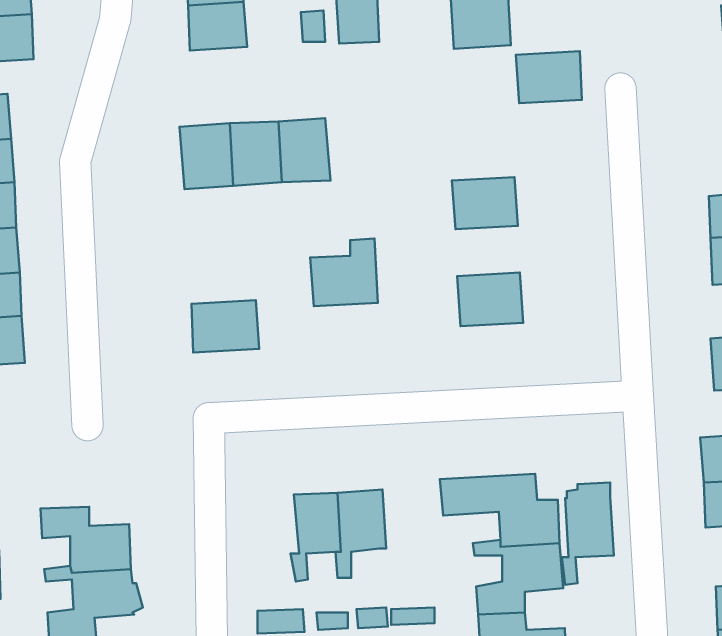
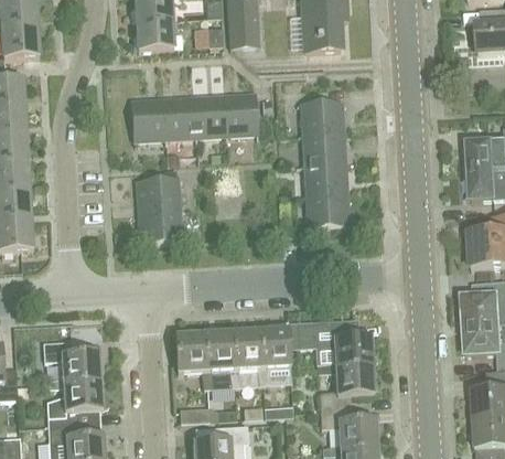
building: [516,51,582,103] -> [301,100,343,134]
building: none -> [223,92,257,134]
building: none -> [305,162,346,194]
building: [310,238,378,306] -> [136,169,179,212]
building: [562,483,614,585] -> [257,320,290,385]
building: none -> [174,333,206,372]

